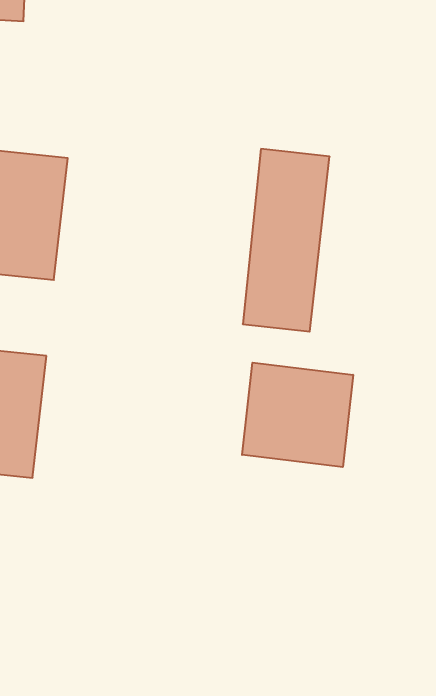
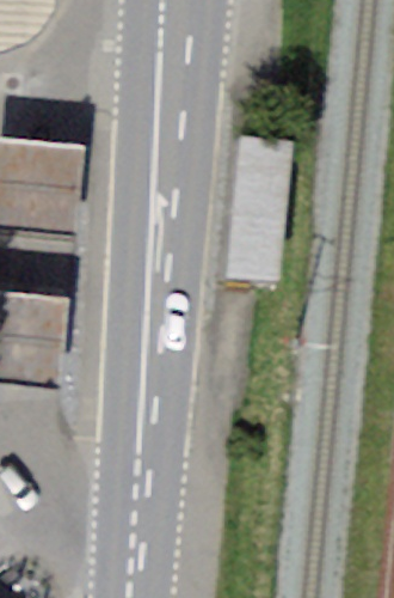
building: [242,363,353,467] -> none

